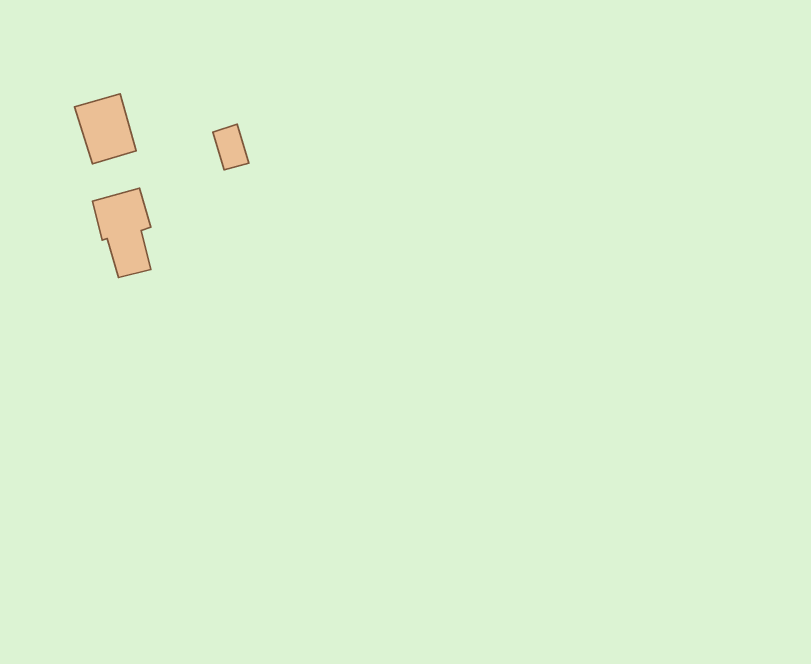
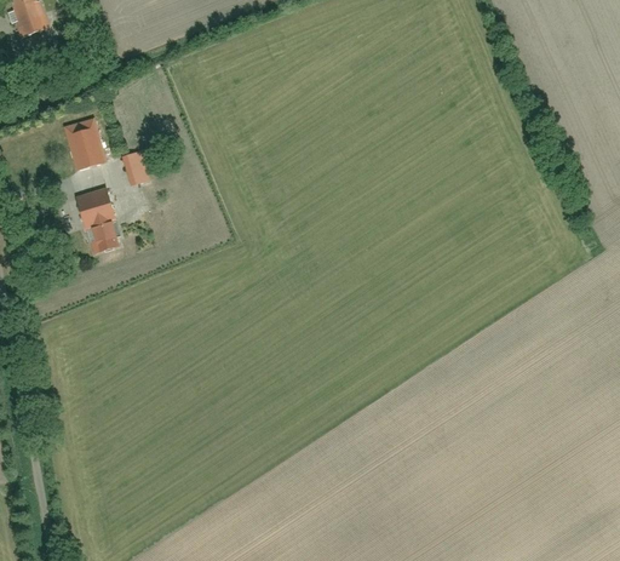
building: [213,124,249,170] -> [122,150,149,184]

